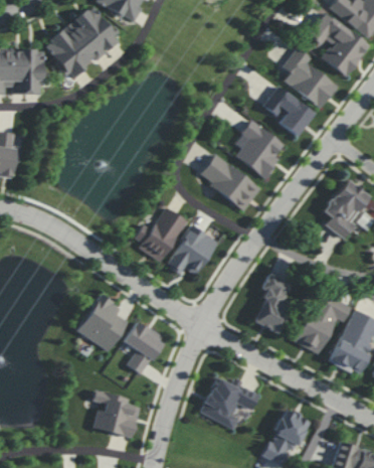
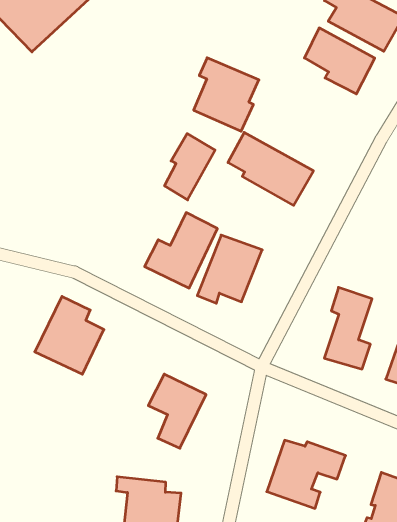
building: [235,122,285,177] -> [194,58,259,131]
building: none -> [165,134,215,200]
building: [76,294,128,351] -> [35,296,104,374]

